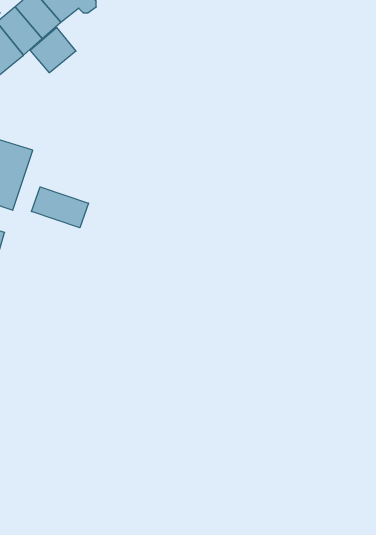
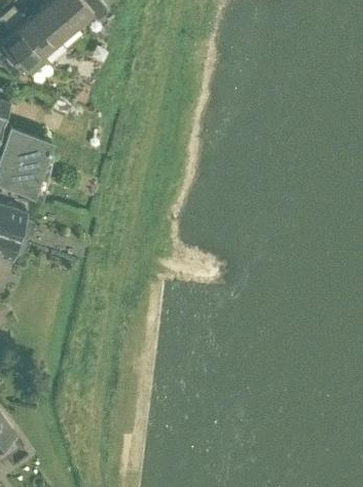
building: [30,28,76,73] -> none
building: [31,187,88,228] -> none

